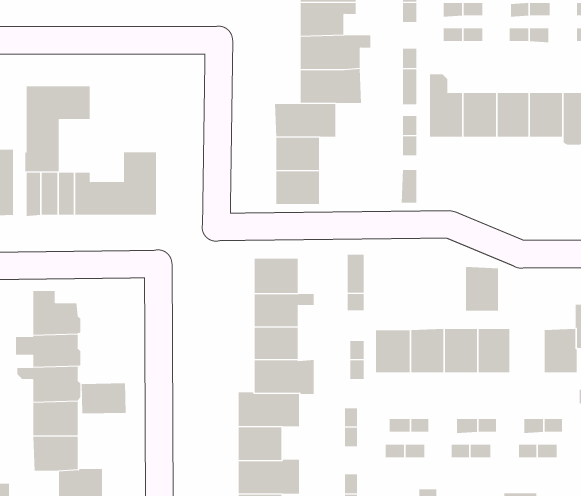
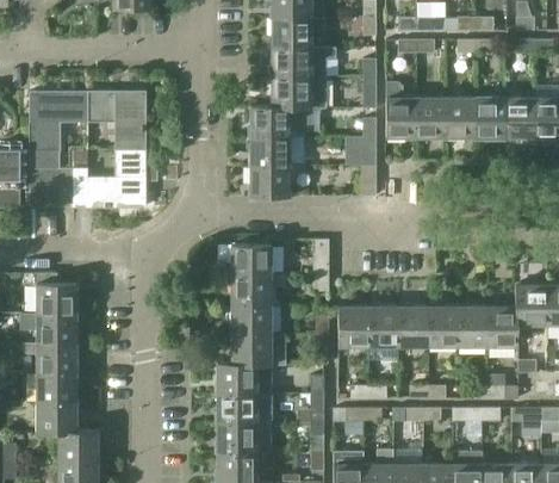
building: none -> [87,92,145,150]
building: [465,267,499,311] -> [458,306,487,346]
building: [81,382,126,414] -> none

